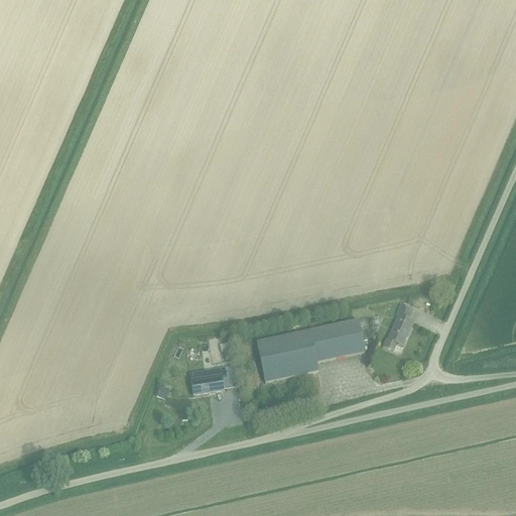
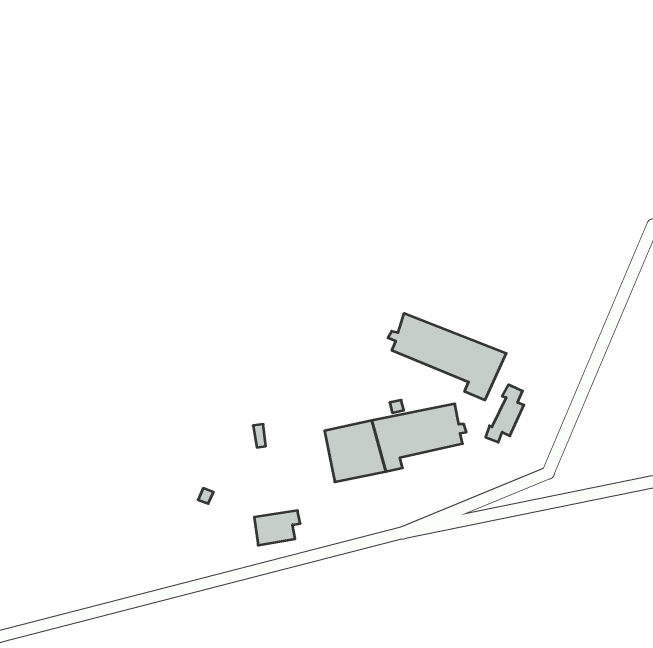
building: none -> [388,313,506,400]
building: [190,366,227,393] -> [254,511,300,545]

